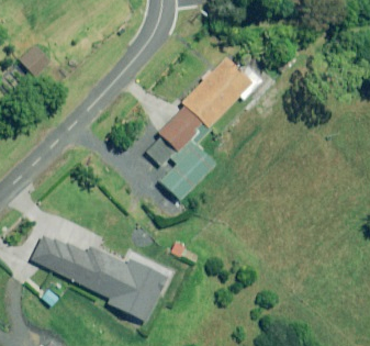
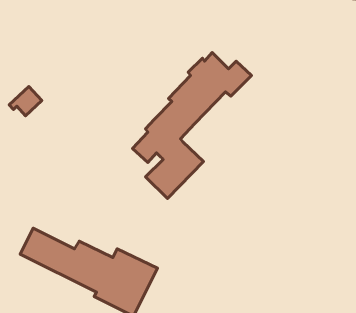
building: [16,44,49,74] -> [9,86,42,116]

